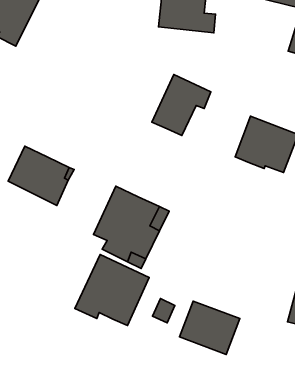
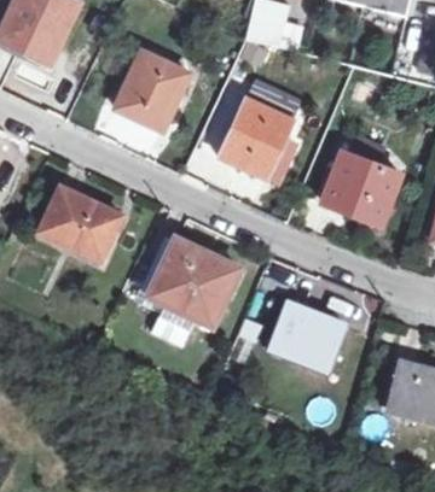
building: none -> [116,51,191,127]
building: [75,254,149,326] -> none
building: [180,301,240,354] -> [271,301,346,368]

